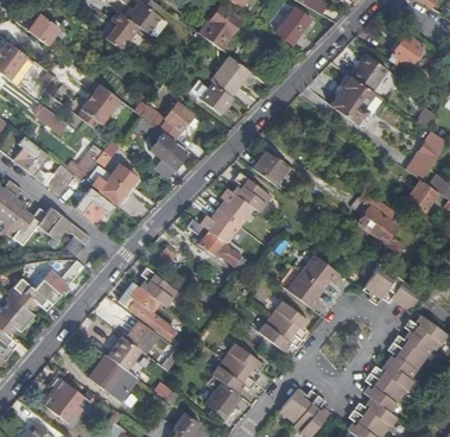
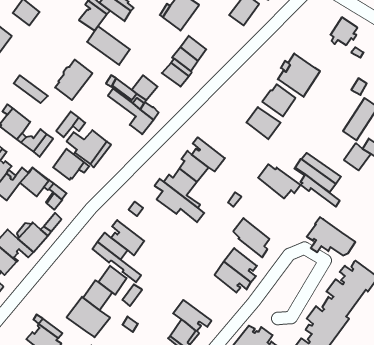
building: none -> [87,26,130,65]
building: [350,56,388,93] -> [262,84,295,116]
building: [252,151,291,188] -> [246,107,281,139]
building: [292,249,341,289] -> [258,164,300,198]
building: [223,343,261,382] -> none

